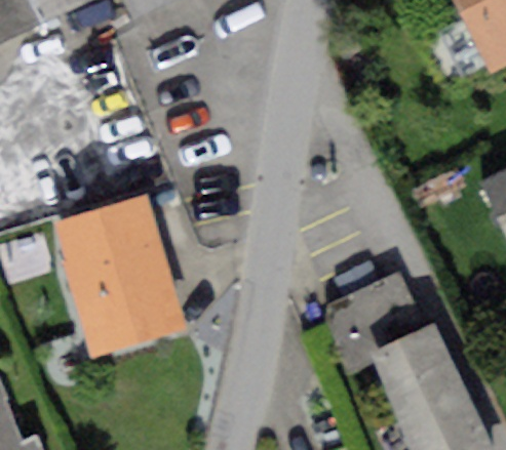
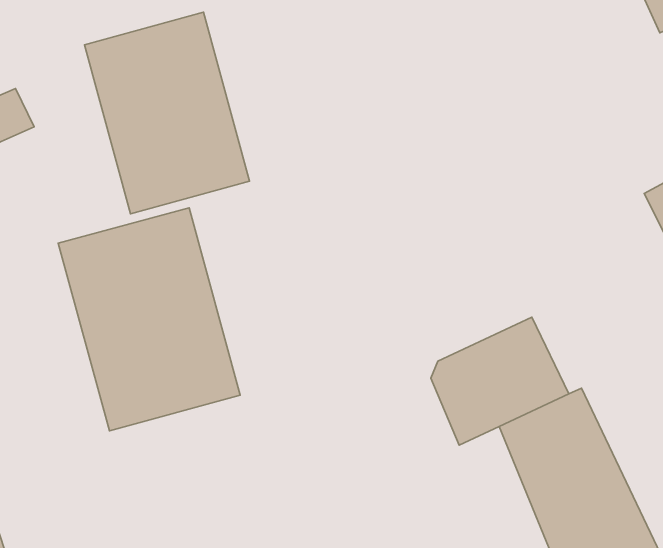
building: none -> [84,12,249,214]

